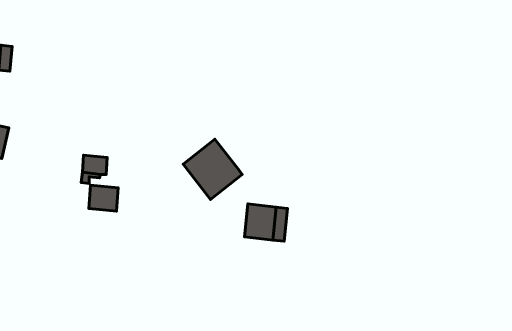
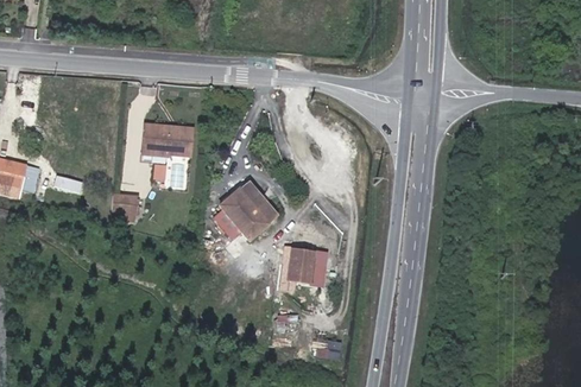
building: none -> [143,123,192,157]
building: [89,185,118,211] -> none

